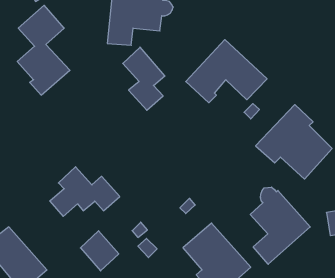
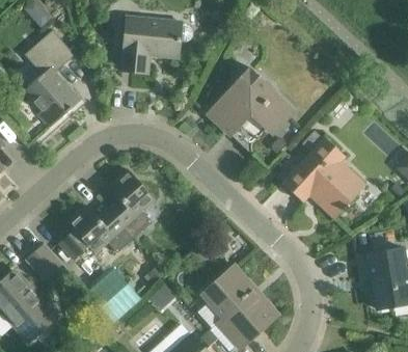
building: [123,47,165,110] -> [108,169,154,238]
building: [250,187,310,264] -> none
building: none -> [25,243,62,280]

